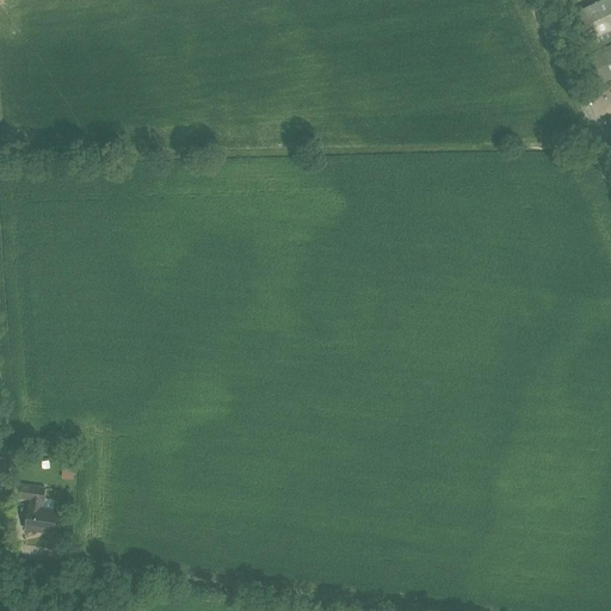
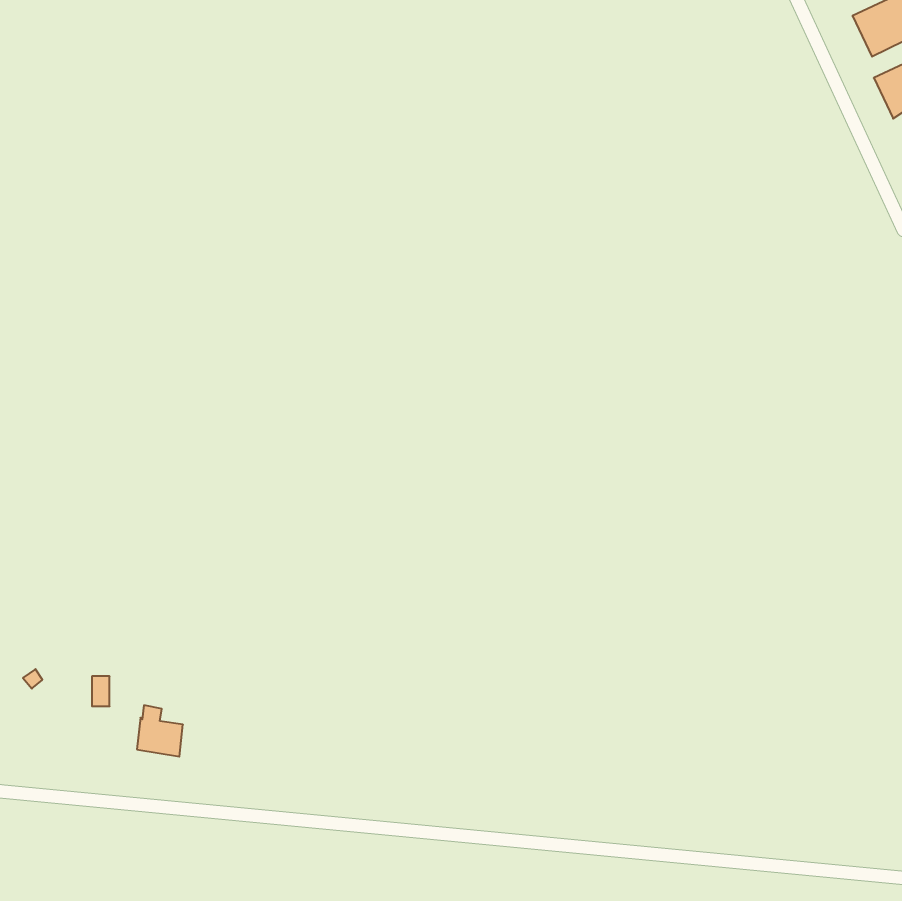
building: [27,495,58,530] -> [137,705,183,757]

